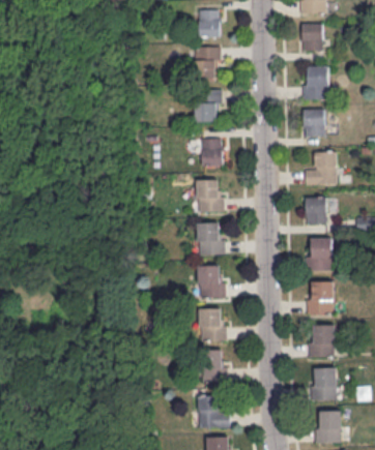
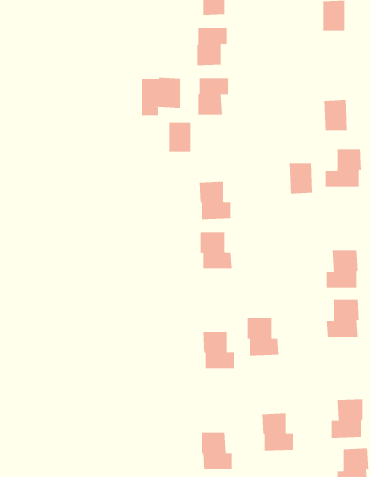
building: [300,66,328,99] -> none
building: none -> [141,77,180,116]
building: [200,139,220,164] -> [168,122,191,152]
building: [305,198,325,224] -> [289,163,313,194]
building: [197,265,225,298] -> [247,318,279,356]
building: [307,324,335,357] -> none
building: [199,350,227,383] -> [261,413,294,451]

